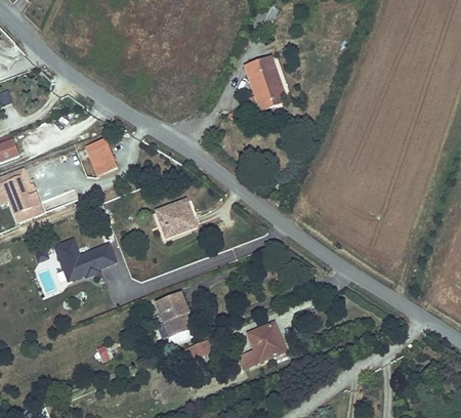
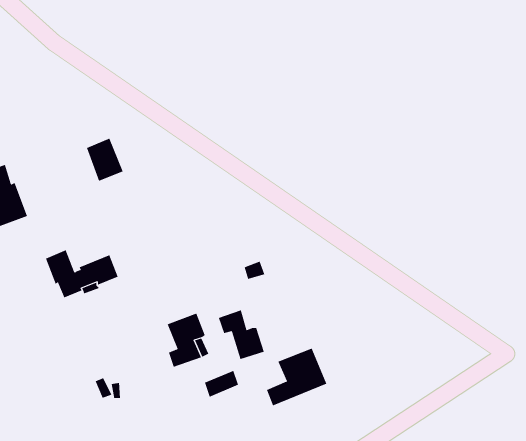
building: [242,57,283,111] -> none
building: [156,201,196,239] -> none
building: none -> [218,310,264,360]

